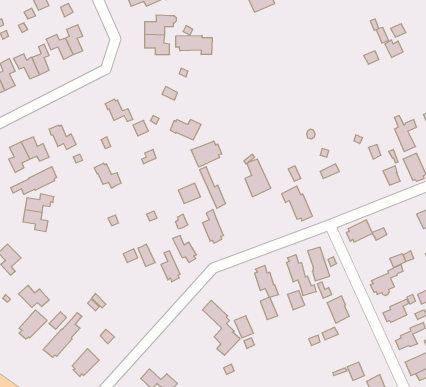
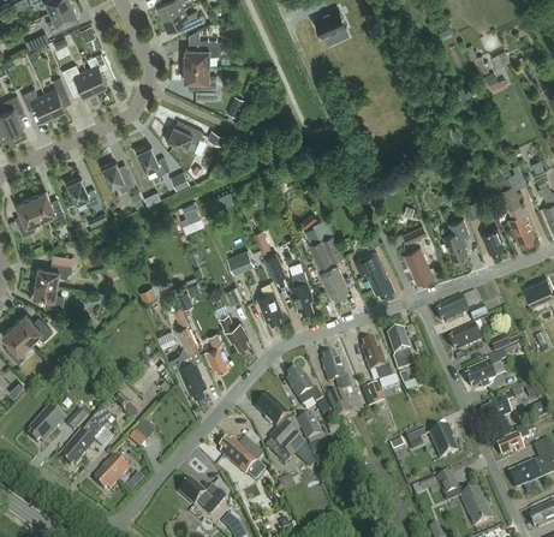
building: [176,35,212,55] -> none
building: [170,120,201,140] -> [165,125,203,150]
building: [191,141,222,167] -> none
building: none -> [442,217,467,261]
building: [94,163,121,188] -> [100,160,133,191]
building: [11,167,56,194] -> none
building: none -> [403,247,433,282]
building: none -> [320,267,347,299]
building: none -> [290,270,314,312]
building: none -> [448,322,481,350]
building: none -> [177,358,205,396]
building: none -> [286,366,322,405]
building: [18,285,49,307] -> [13,314,52,341]
building: [327,296,349,323] -> [429,425,457,459]
building: none -> [219,437,263,475]

